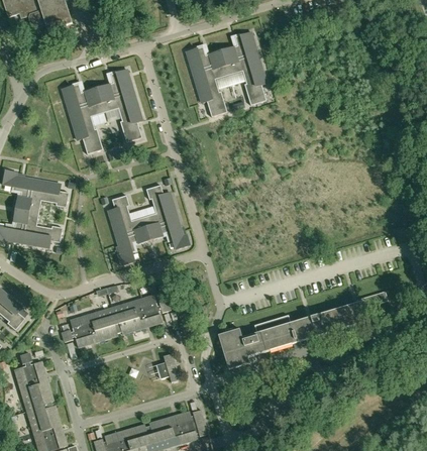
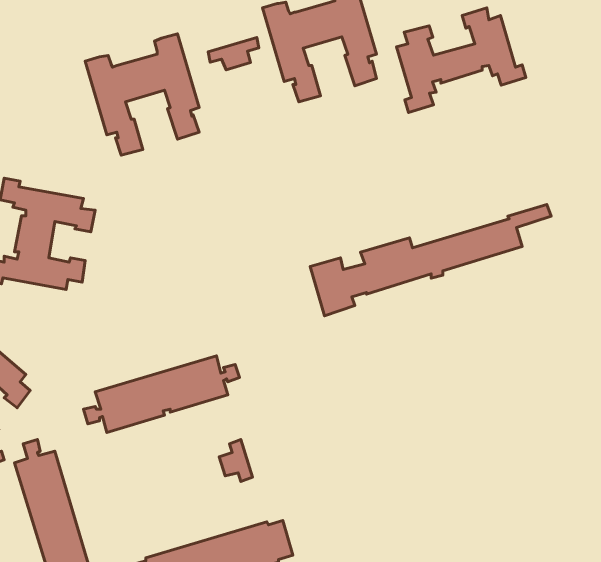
building: none -> [396,8,526,112]
building: none -> [208,37,259,70]
building: [108,185,189,265] -> none
building: [218,291,387,368] -> [310,205,551,316]

